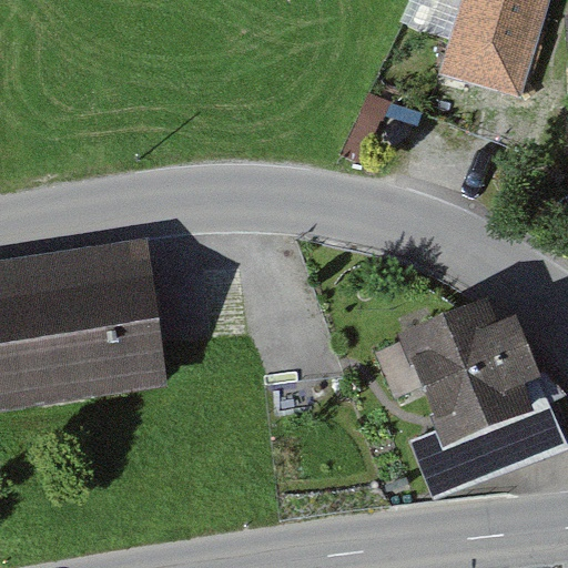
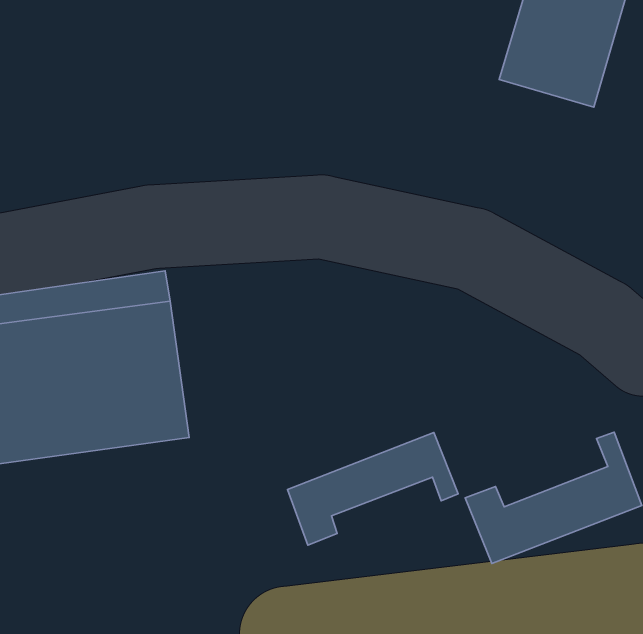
building: [400,302,540,446] -> none
building: none -> [287,433,458,545]

